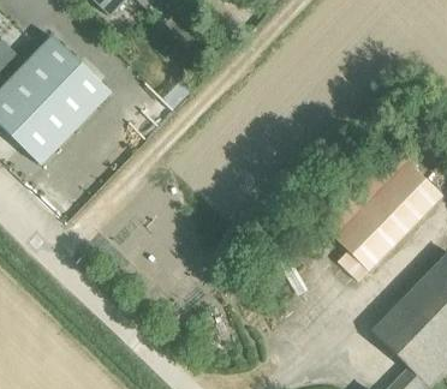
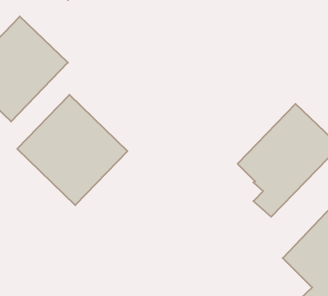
building: none -> [17,95,127,205]

